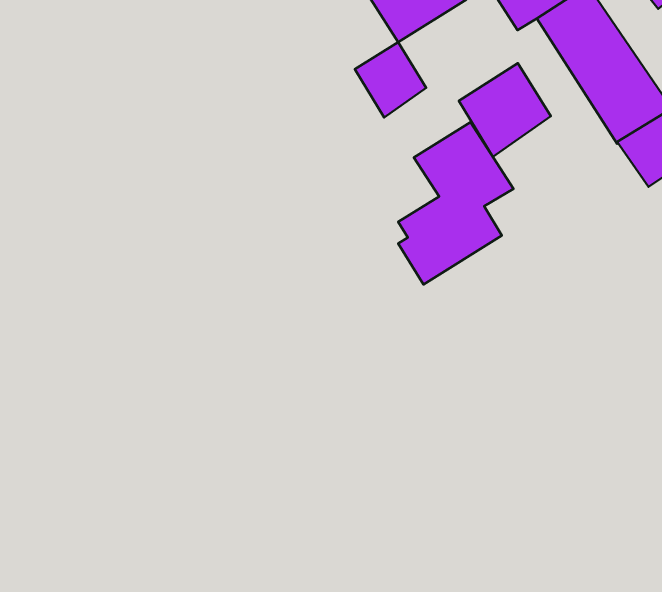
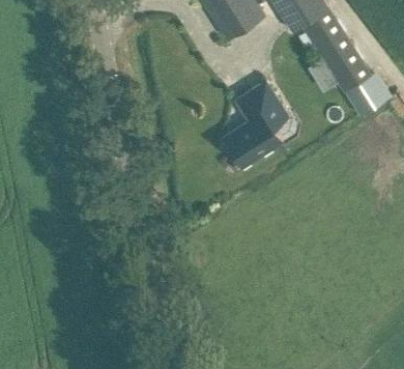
building: [355,42,426,118] -> none
building: [459,63,551,157] -> none

